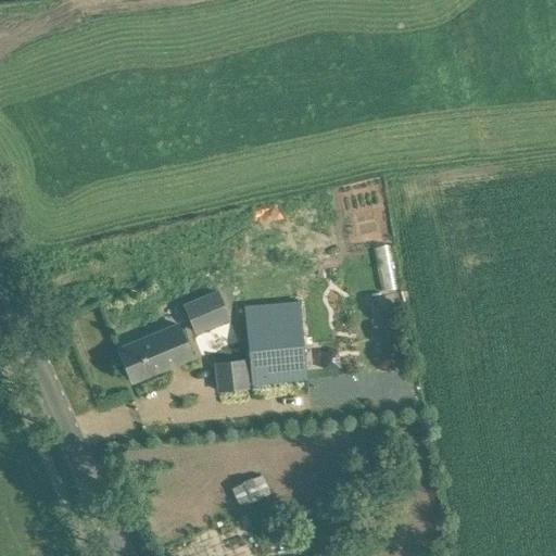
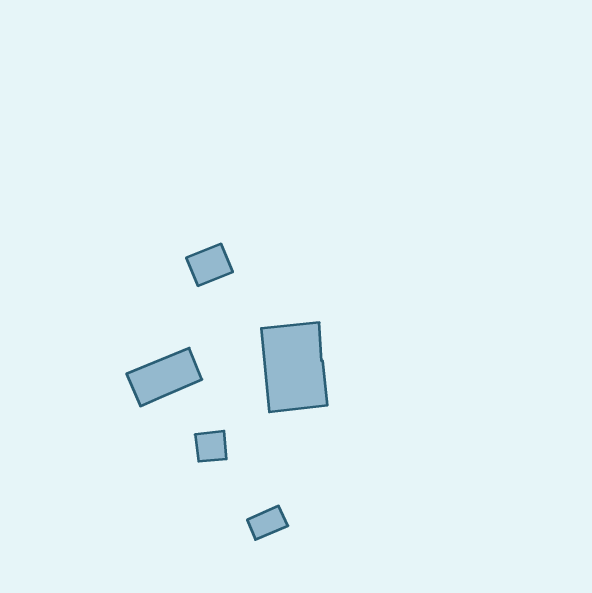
building: [181,295,225,334] -> [186,244,233,286]
building: [217,362,247,390] -> [195,431,226,461]

